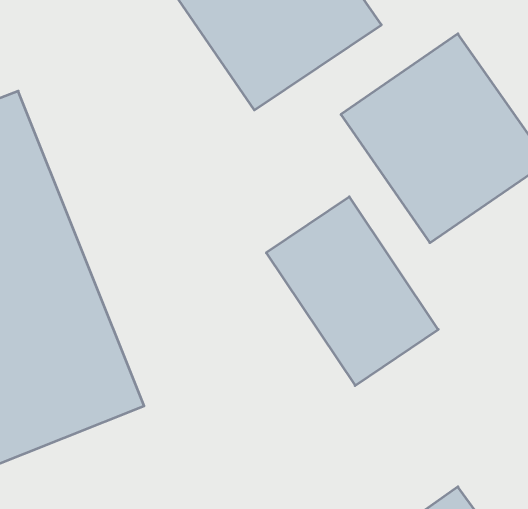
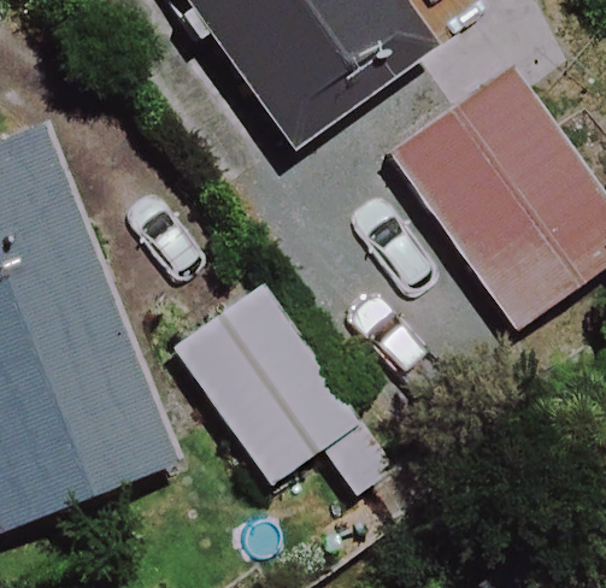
building: [266,197,438,386] -> [177,284,361,487]

